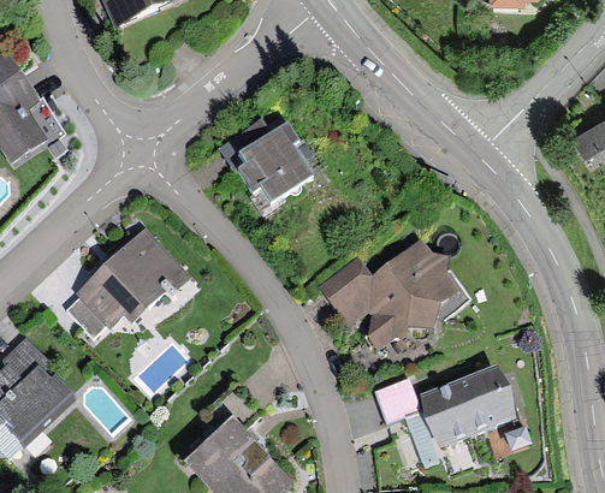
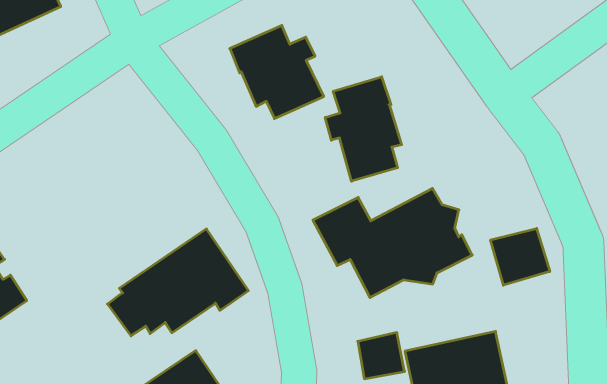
building: none -> [325,77,402,181]
building: [69,230,192,335] -> [107,229,248,336]
building: none -> [491,228,550,285]

